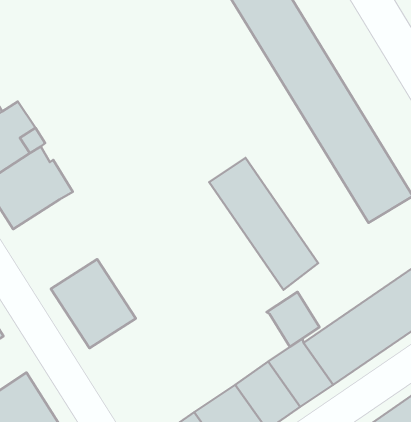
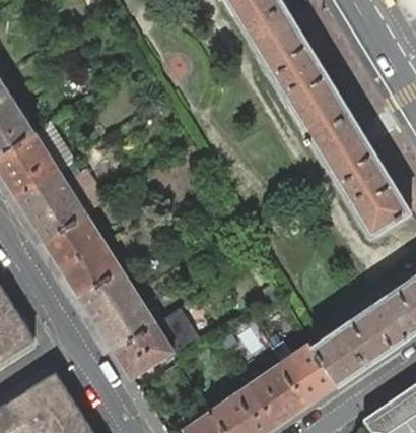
building: [209,158,318,290] -> none
building: none -> [44,213,121,296]
building: [266,292,319,347] -> none
building: none -> [114,309,197,378]

